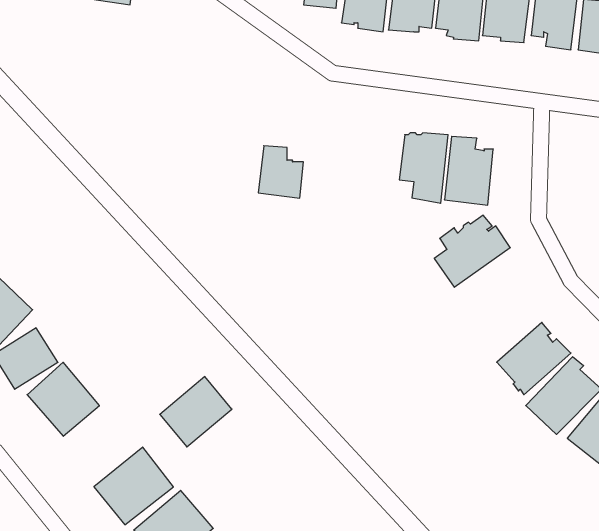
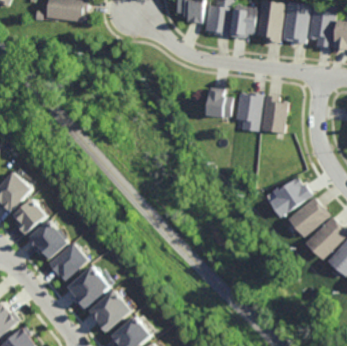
building: [258,146,303,198] -> [207,87,232,116]
building: [434,215,510,287] -> [270,177,312,217]
building: [160,377,232,447] -> [48,243,88,282]

